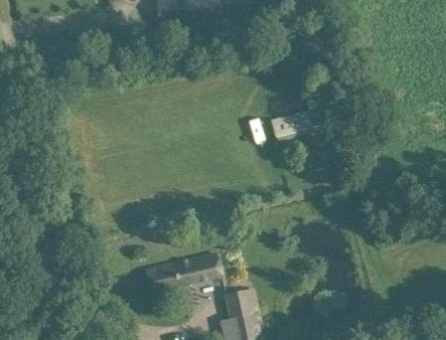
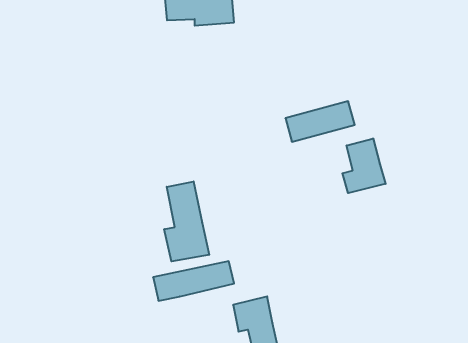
building: none -> [342,138,386,193]
building: none -> [164,181,209,261]

